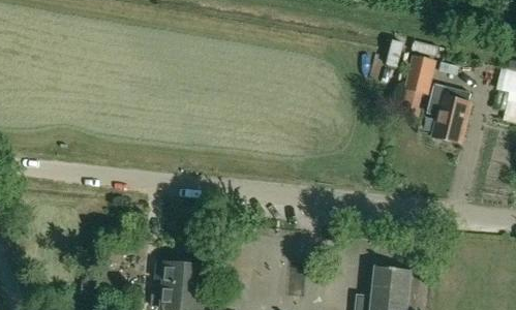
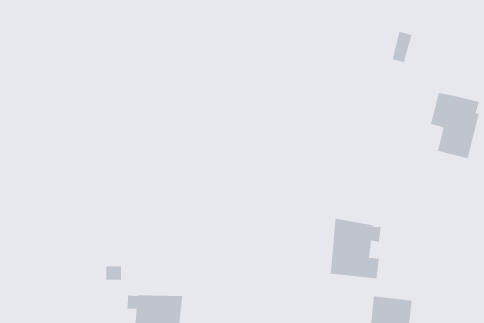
building: [403,55,436,94] -> none
building: none -> [330,218,381,279]

